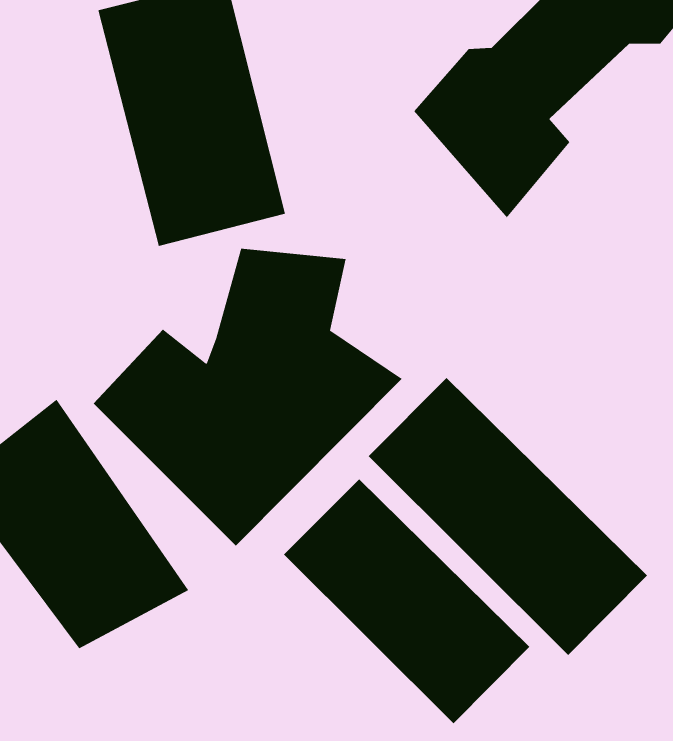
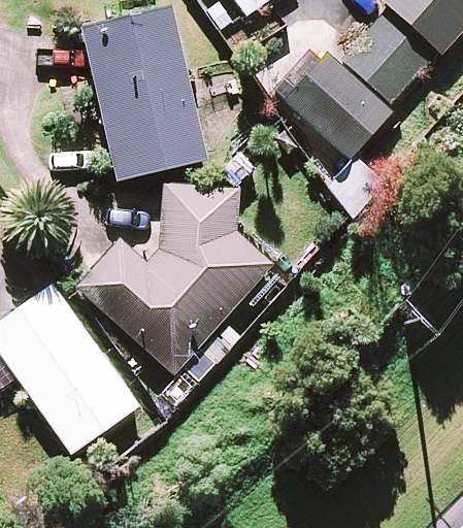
building: [368,377,648,656] -> none
building: [283,478,530,724] -> none

